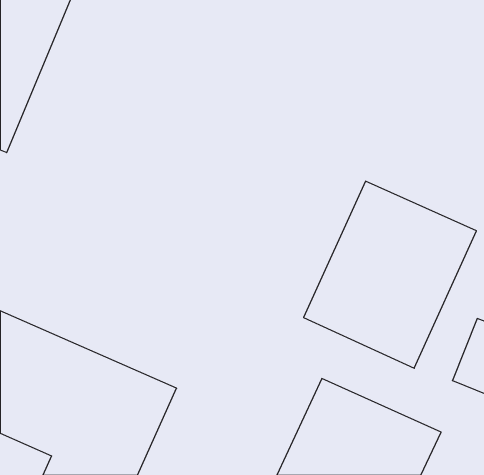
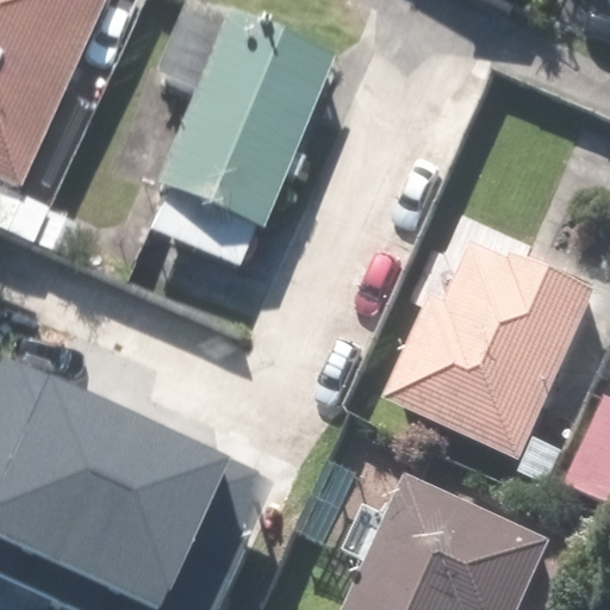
building: none -> [138,8,325,268]

